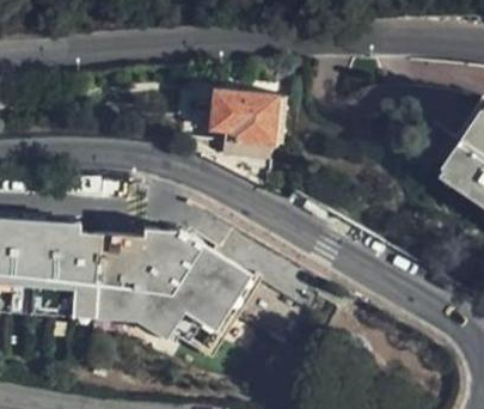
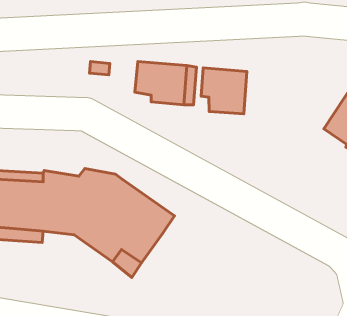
building: none -> [201,68,247,114]

